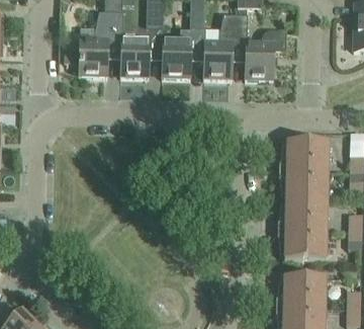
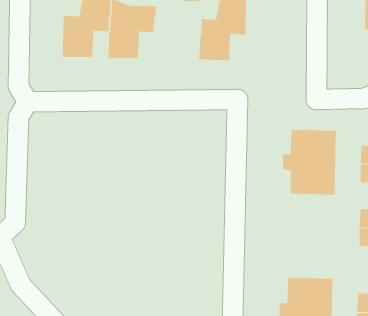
building: [162,28,205,77] -> none
building: [245,29,286,79] -> none
building: [278,199,328,260] -> none

